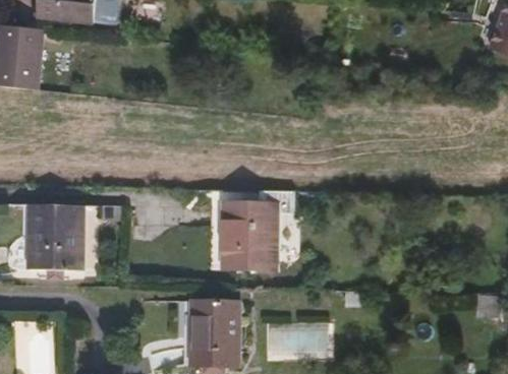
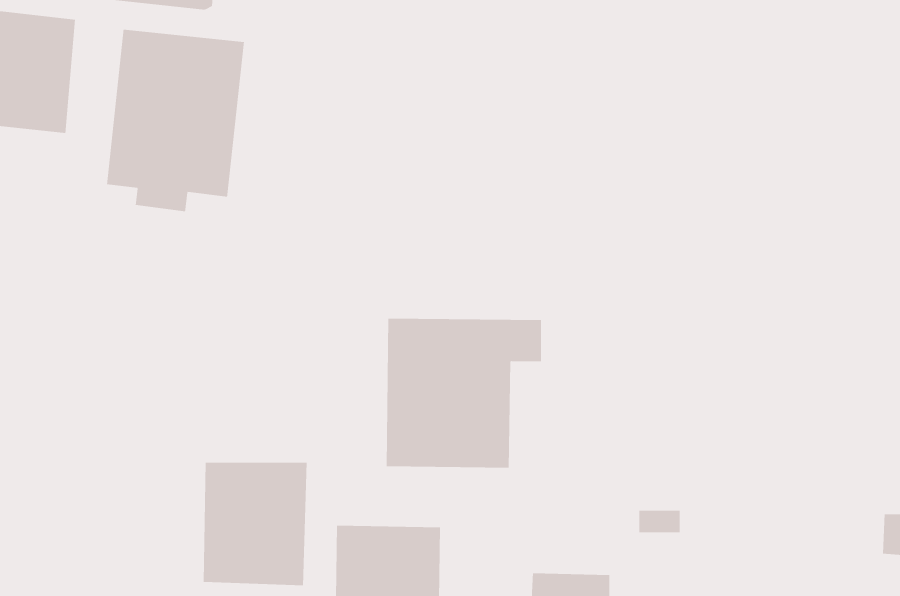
building: none -> [106,29,244,212]
building: [30,204,86,270] -> [203,462,308,586]

